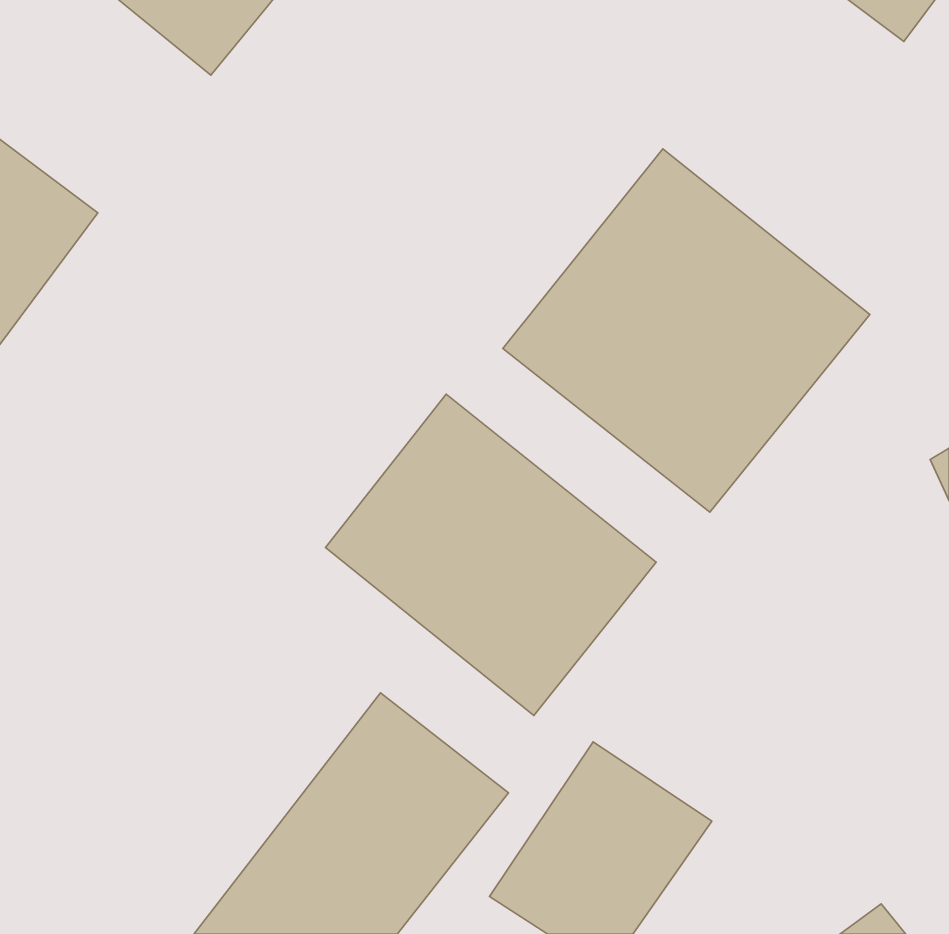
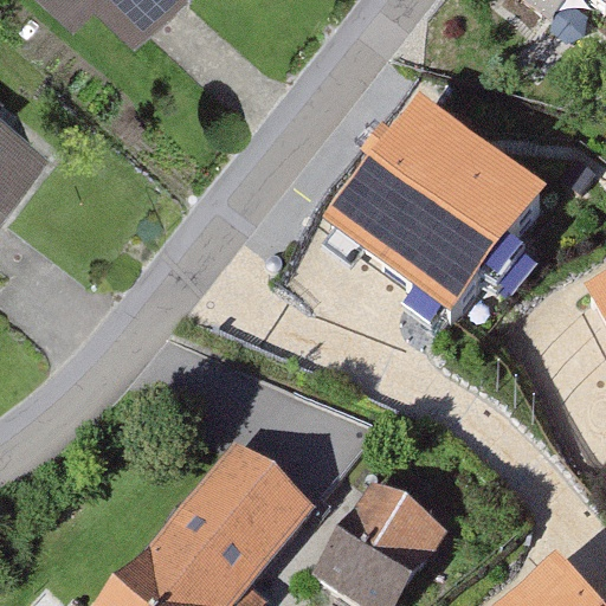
building: [326,394,656,716] -> none

